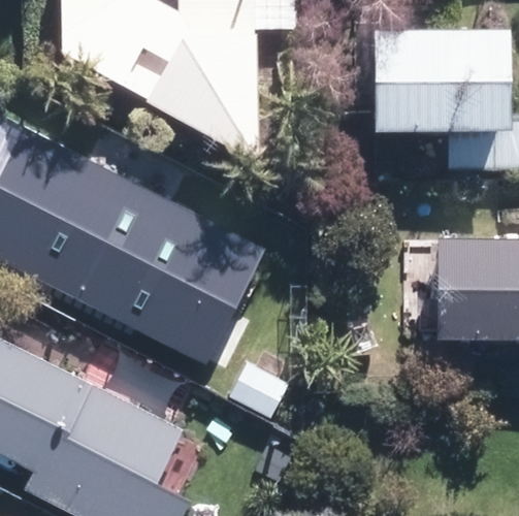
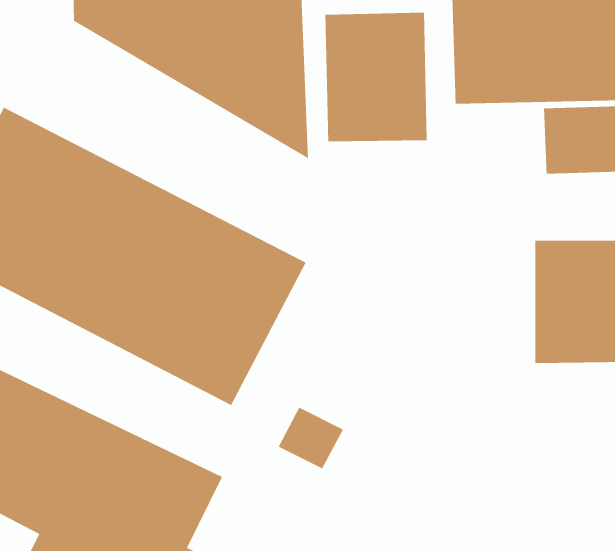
building: none -> [325,12,427,142]

